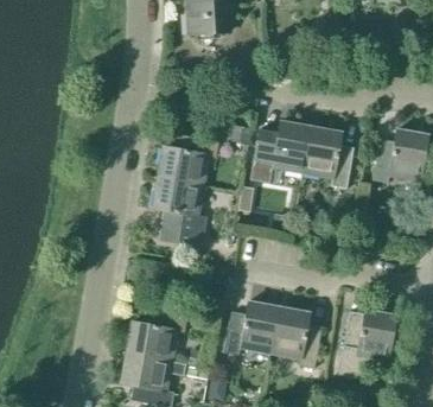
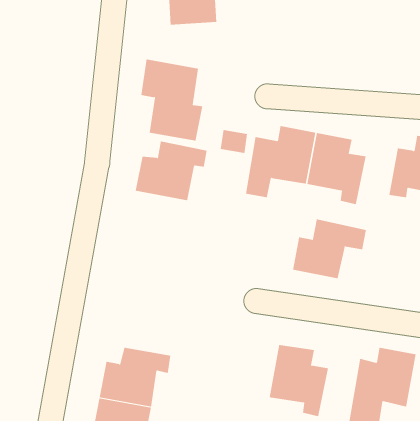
building: [152,176,205,246] -> [140,59,203,141]
building: none -> [292,218,367,279]
building: [223,300,279,354] -> none

